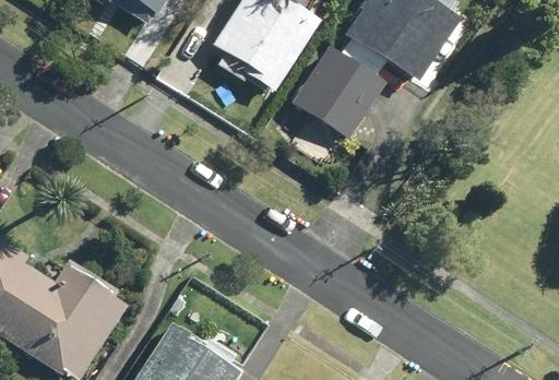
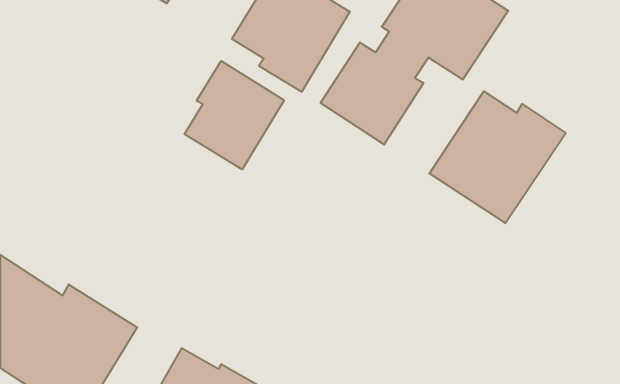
building: none -> [185,61,284,169]
building: none -> [429,91,566,223]

